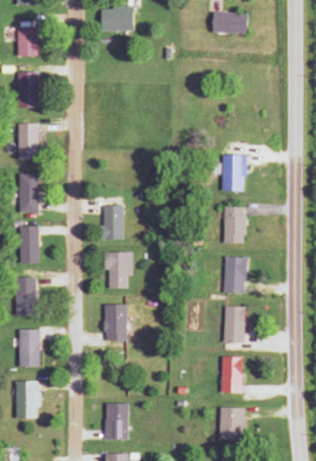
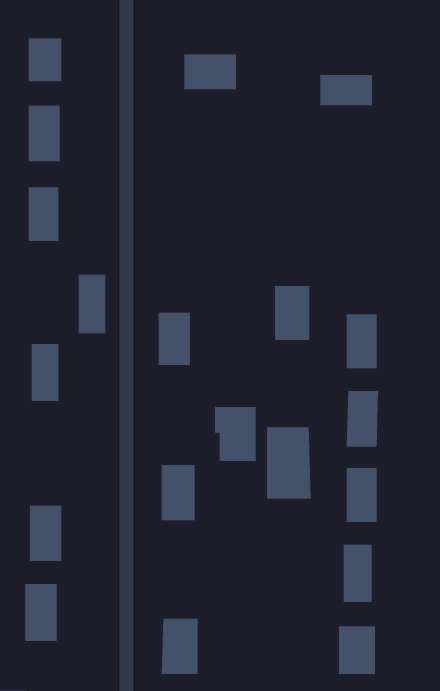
building: [101,7,135,30] -> [183,54,237,90]
building: [212,12,247,32] -> [319,75,373,106]
building: [223,155,246,191] -> [274,286,310,340]
building: [20,174,39,212] -> [78,274,106,334]
building: [105,252,132,287] -> [214,407,256,461]
building: [16,277,37,315] -> none
building: none -> [266,427,311,500]

